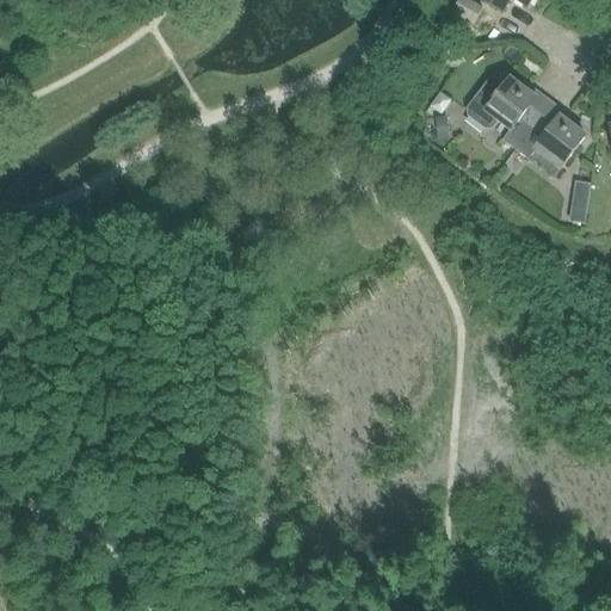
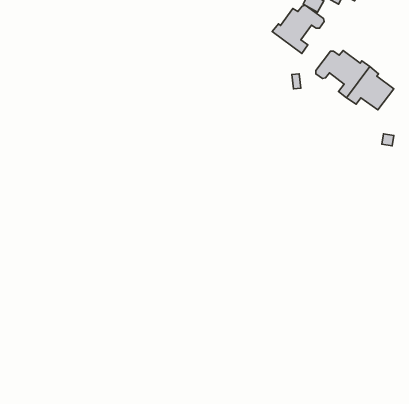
building: none -> [272,5,324,53]

